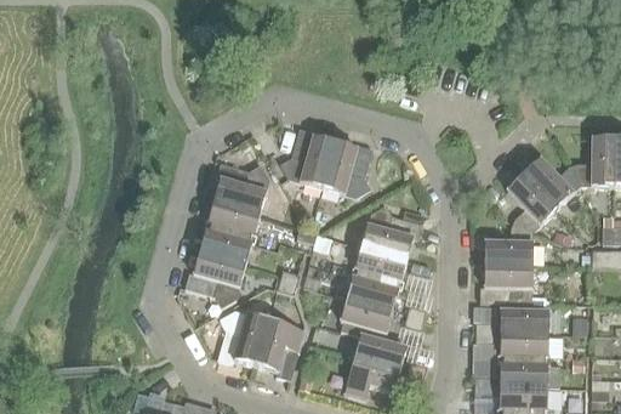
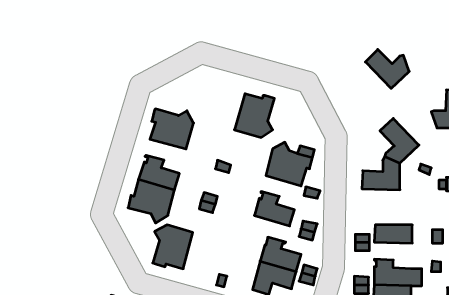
building: [280,126,335,187] -> none
building: [524,157,580,206] -> [365,49,409,88]
building: [209,199,260,243] -> none
building: [355,245,406,289] -> none
building: [479,262,532,301] -> none
building: [341,296,392,334] -> none
building: [256,318,304,378] -> none
building: [500,330,548,364] -> none

